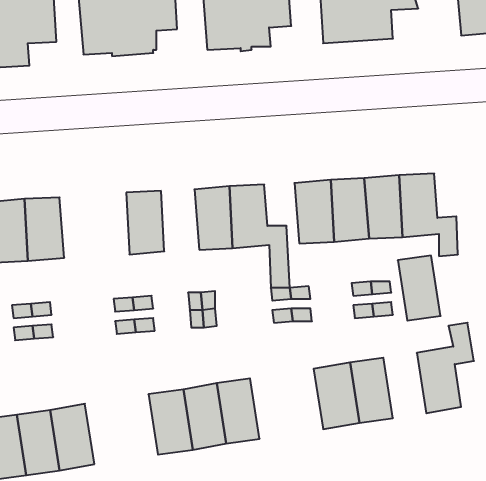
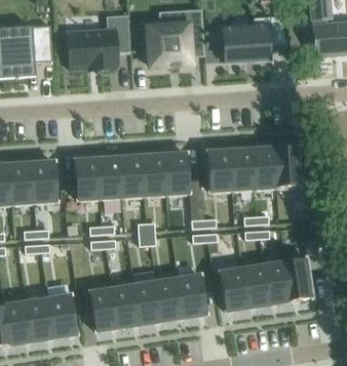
building: none -> [120,156,145,196]
building: none -> [75,158,100,199]
building: [398,256,441,321] -> [264,261,292,303]
building: none -> [178,275,206,317]
building: none -> [89,288,118,330]

